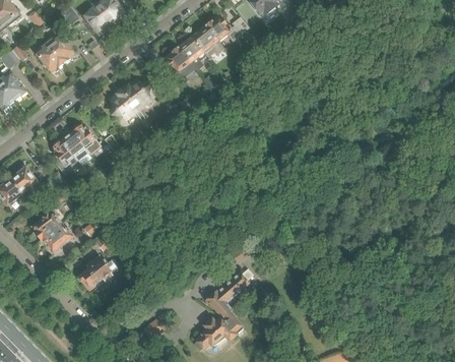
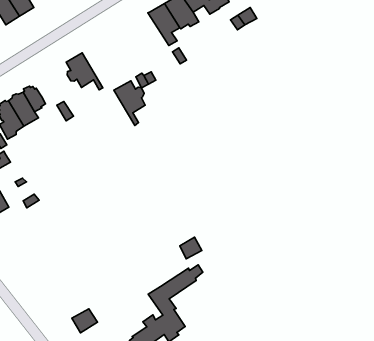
building: [164,46,194,74] -> none
building: [122,78,151,118] -> [114,81,145,125]
building: [78,254,113,286] -> none

